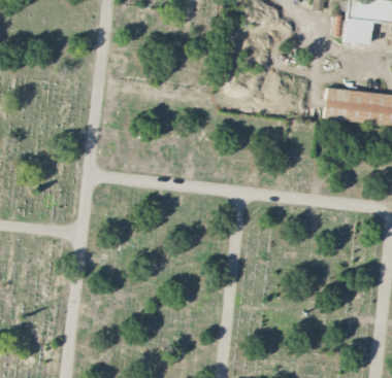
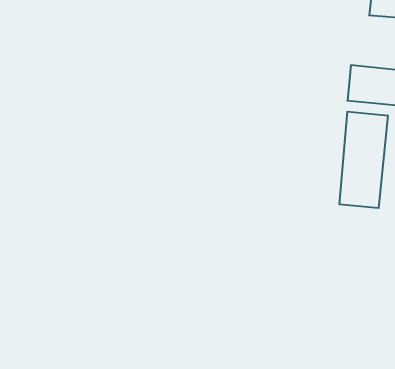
building: none -> [339,112,388,208]

